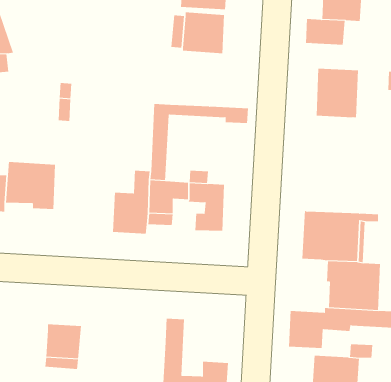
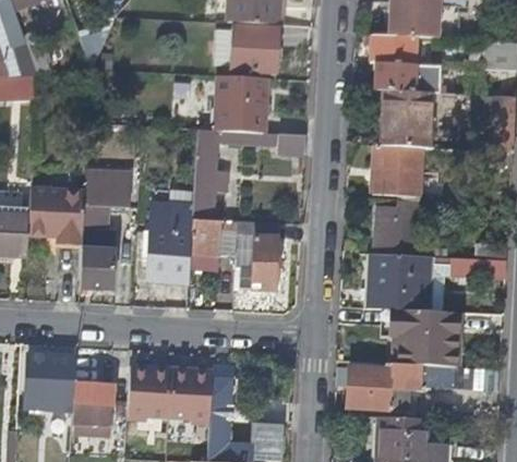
building: none -> [375,62,442,93]
building: none -> [216,75,264,134]
building: none -> [380,145,424,192]
building: none -> [81,168,133,288]
building: none -> [372,198,433,256]
building: none -> [26,355,77,403]
building: none -> [127,372,211,424]

